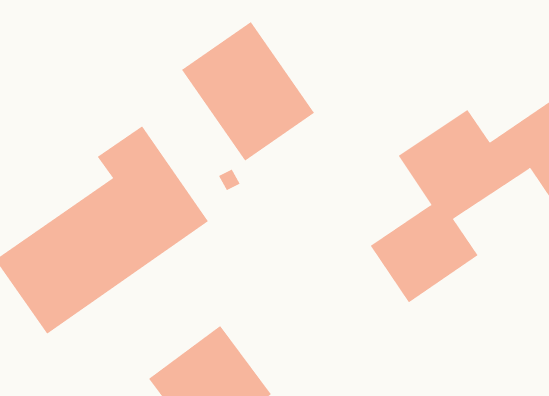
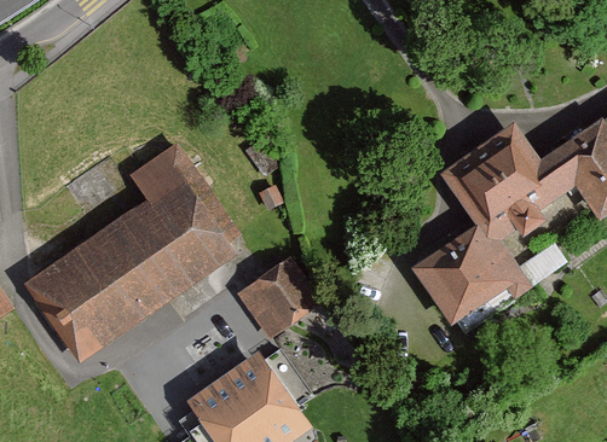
building: [181,21,315,161] -> none
building: none -> [231,257,316,338]

